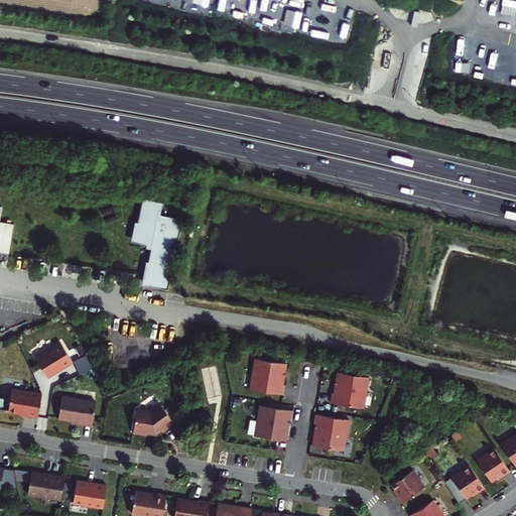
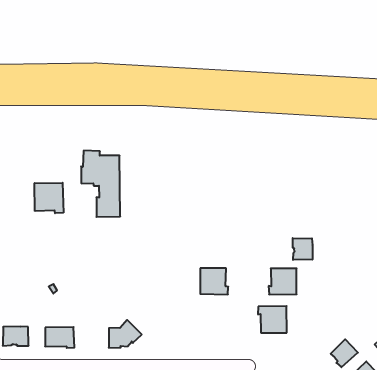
building: none -> [35,183,63,213]
building: none -> [293,238,312,260]
building: [35,344,72,374] -> none
building: [255,405,293,441] -> none

